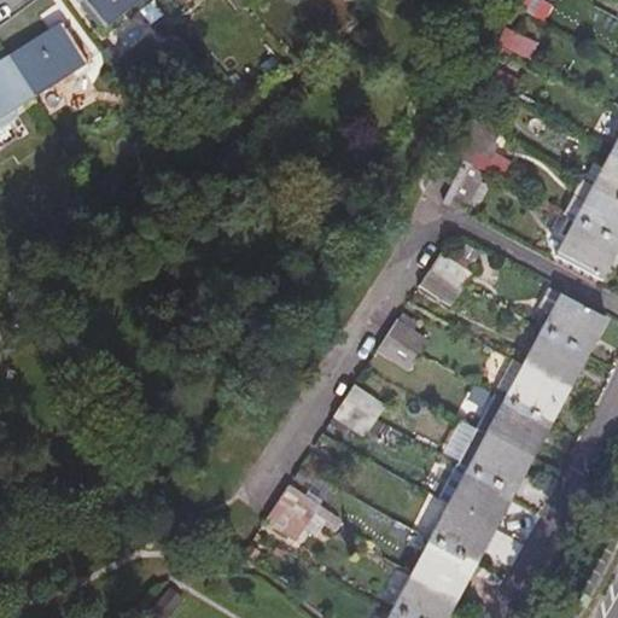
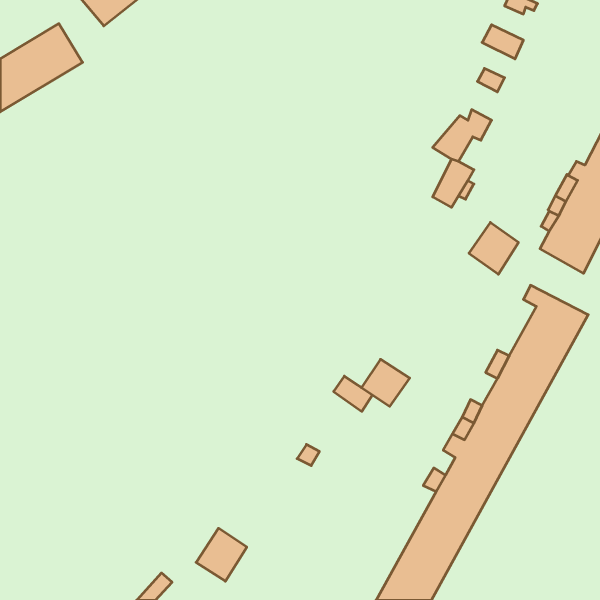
building: [421,252,472,305] -> [469,222,518,274]
building: [379,320,428,368] -> [361,359,410,406]
building: [266,485,317,540] -> [196,528,247,581]

